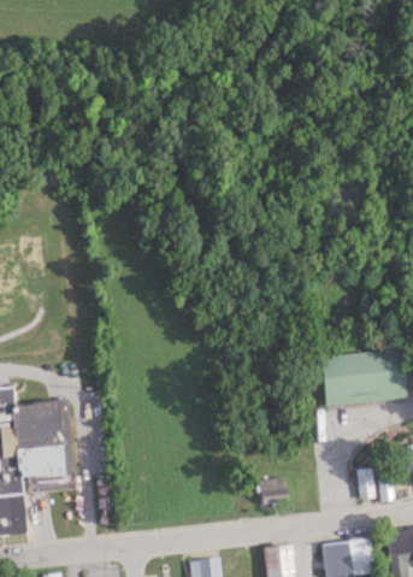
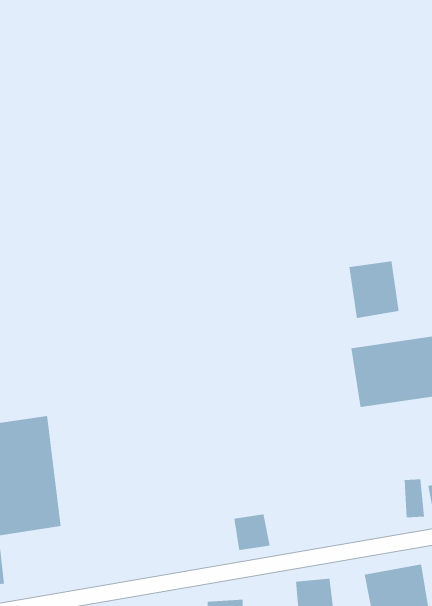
building: none -> [349,261,399,319]
building: [259,477,288,506] -> [234,514,270,551]

